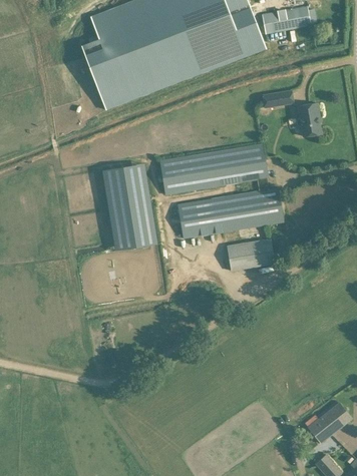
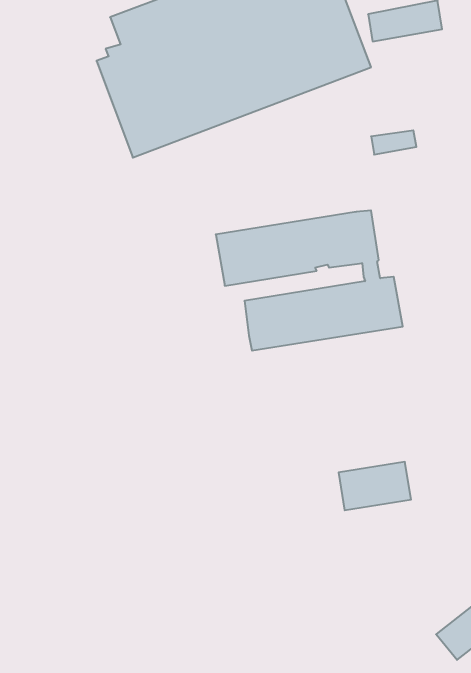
building: [296,103,320,136] -> none
building: [102,163,159,248] -> none
building: [226,237,274,270] -> [339,462,411,510]

